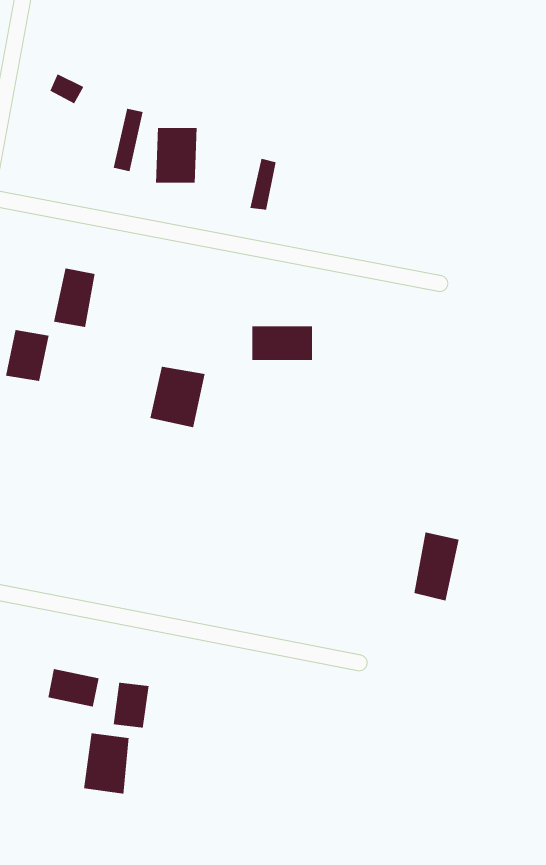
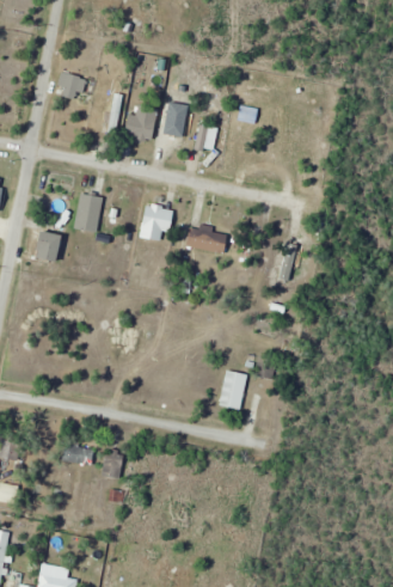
building: none -> [165,112,188,146]
building: [150,366,205,428] -> [139,203,173,241]
building: [413,532,460,601] -> [219,369,247,412]
building: [83,733,129,795] -> none

